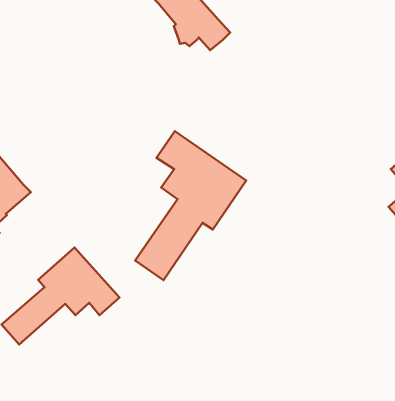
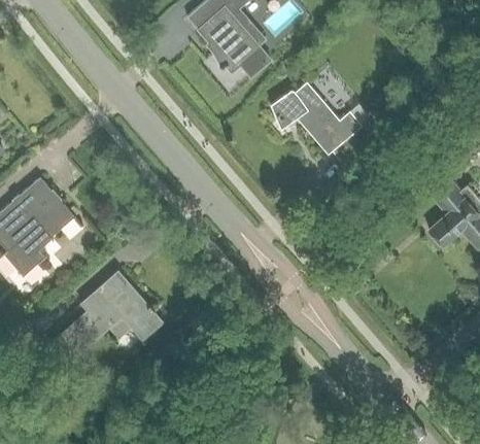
building: none -> [271,81,379,163]
building: [135,131,246,280] -> none

